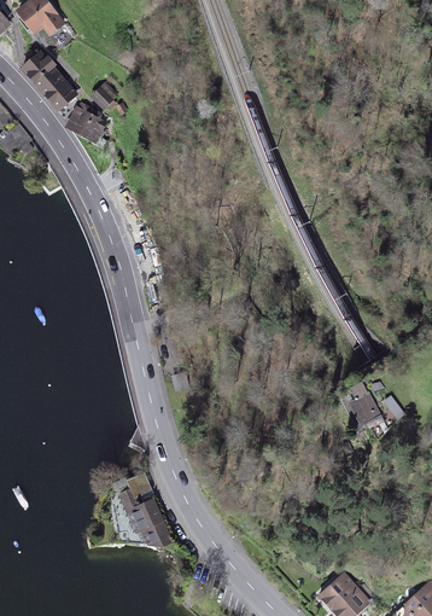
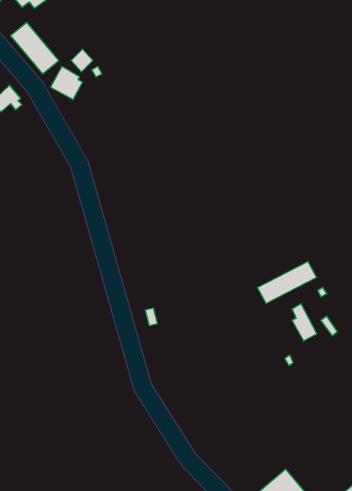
building: none -> [257,261,316,303]
building: [116,471,170,545] -> none

